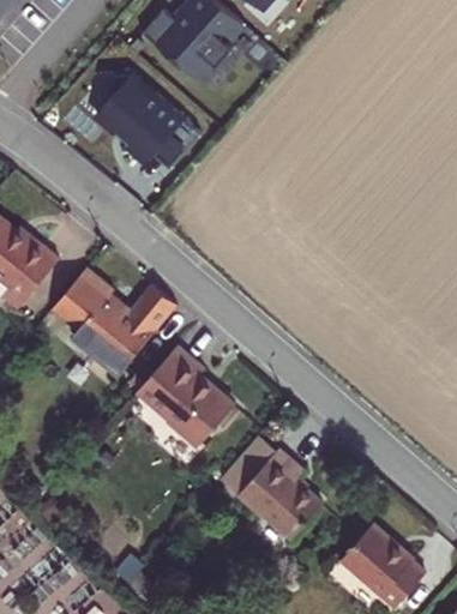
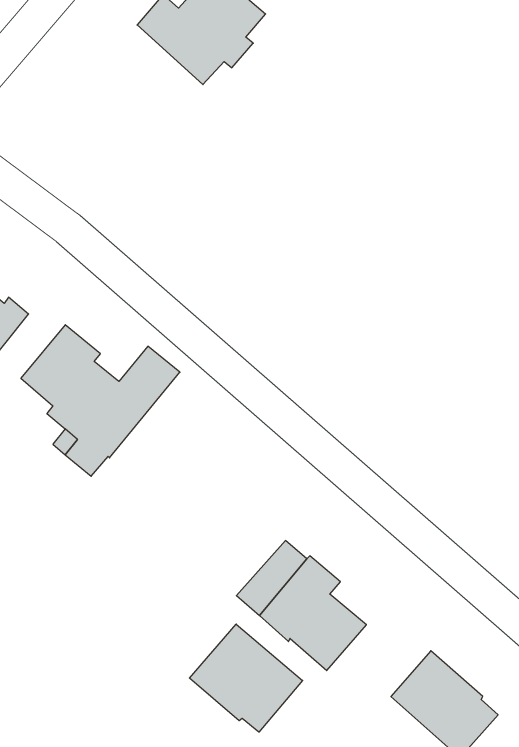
building: [96,74,202,169] -> none
building: [138,345,234,446] -> none
building: none -> [189,624,303,732]

